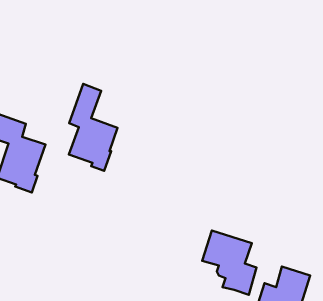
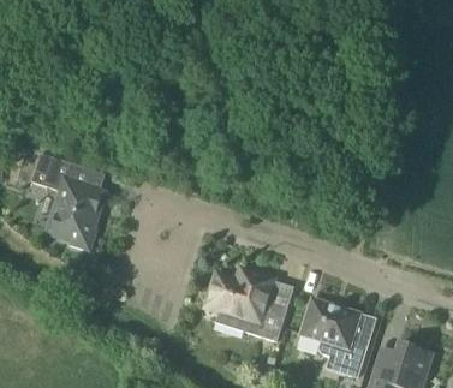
building: [69,84,118,171] -> none
building: none -> [203,273,285,341]

